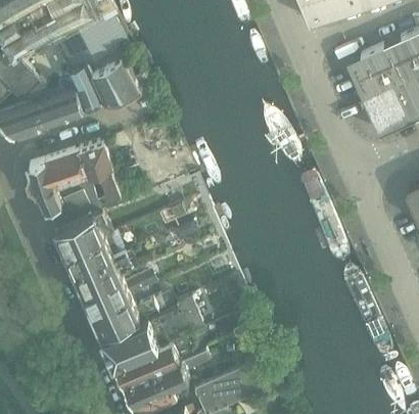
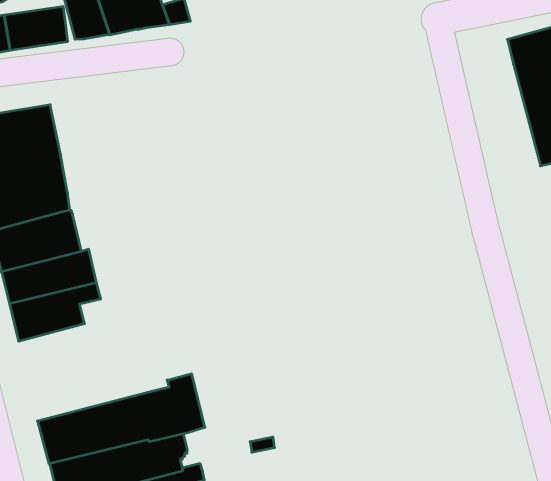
building: [78,142,127,214] -> none
building: [83,273,165,337] -> none

